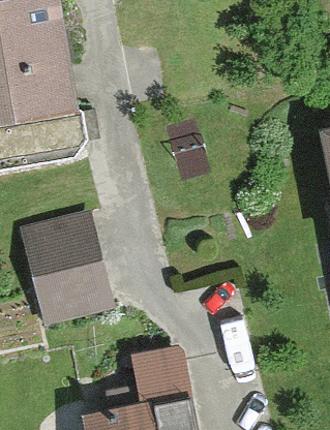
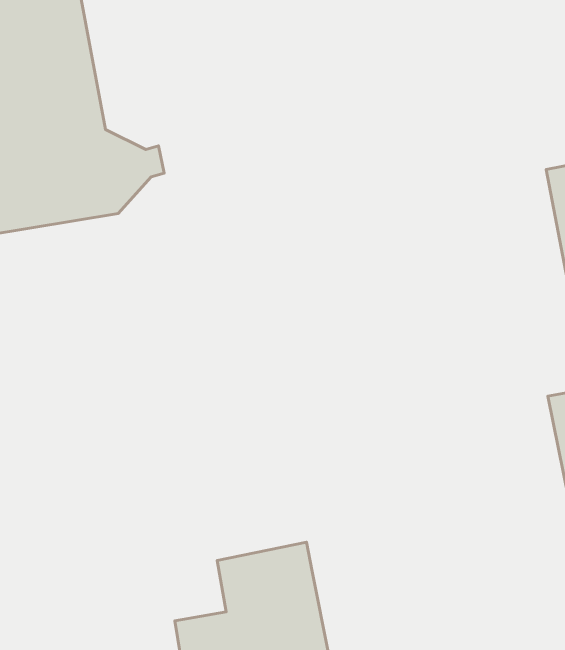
building: [26,212,114,318] -> none

